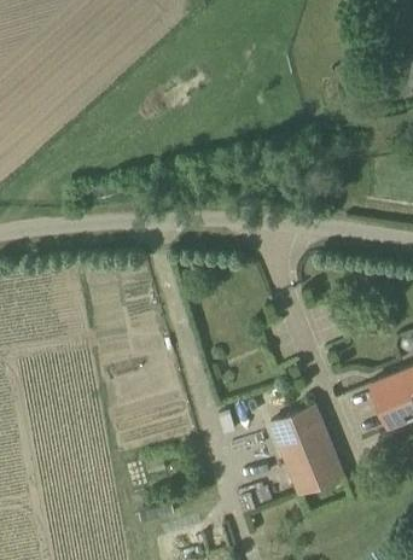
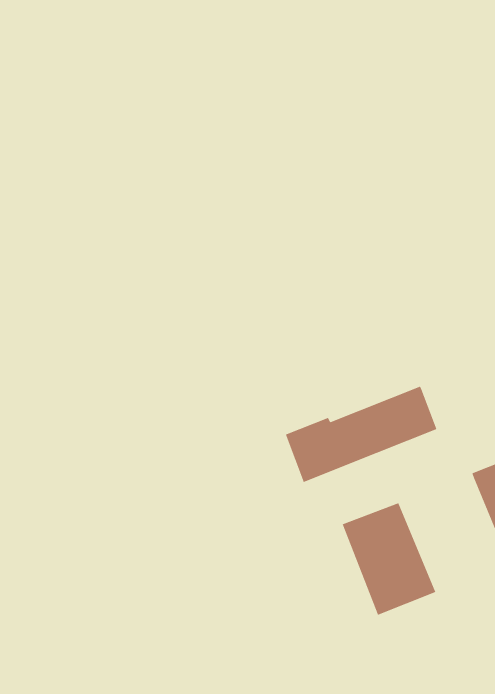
building: none -> [285,386,437,483]

